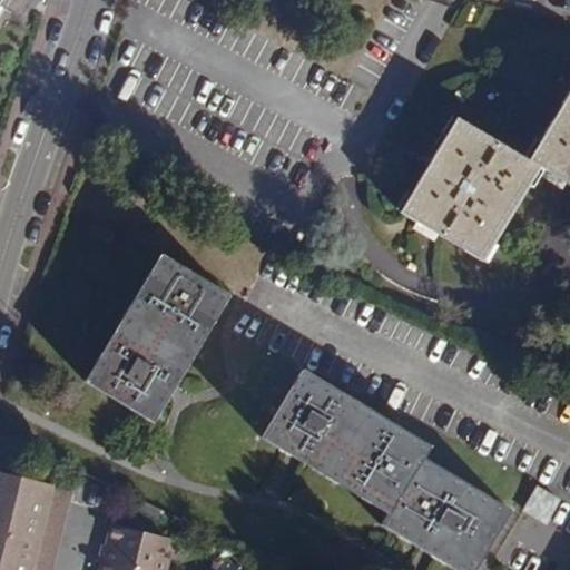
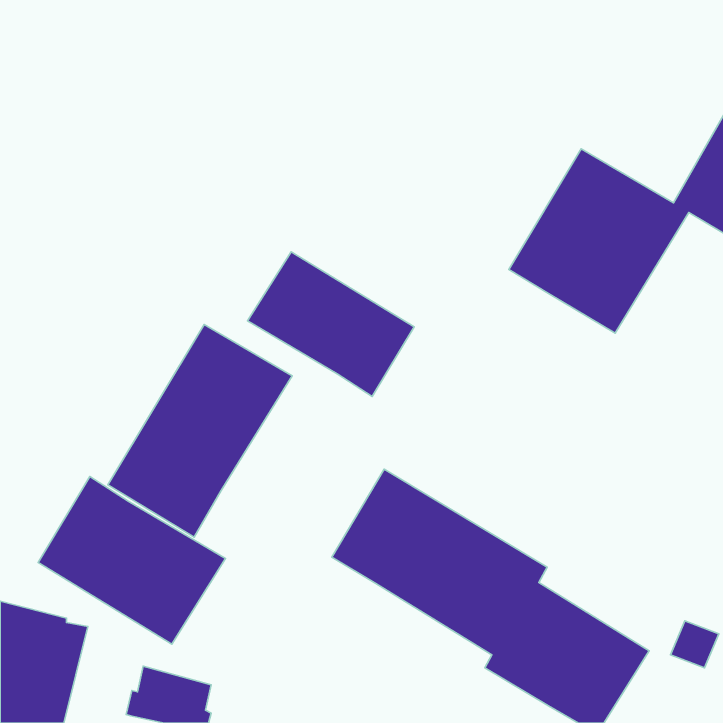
building: none -> [248,252,414,396]
building: none -> [38,477,225,644]

